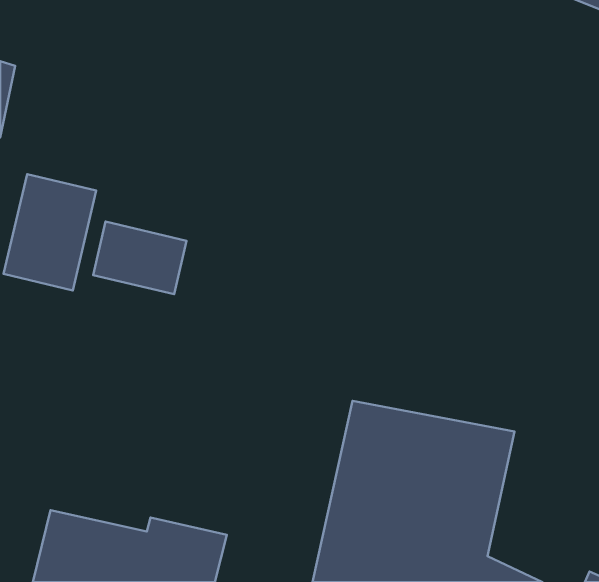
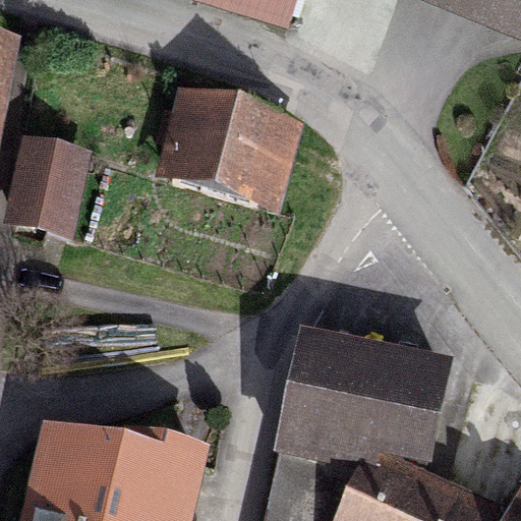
building: none -> [162,103,291,208]
building: [93,222,187,294] -> none

